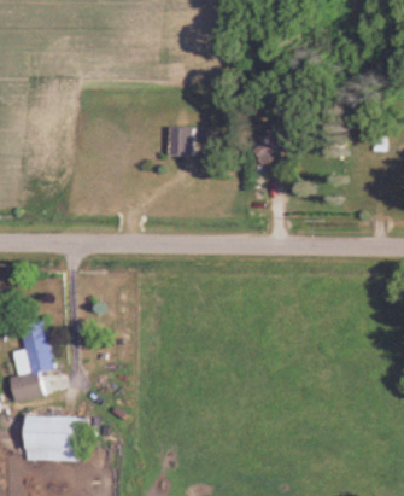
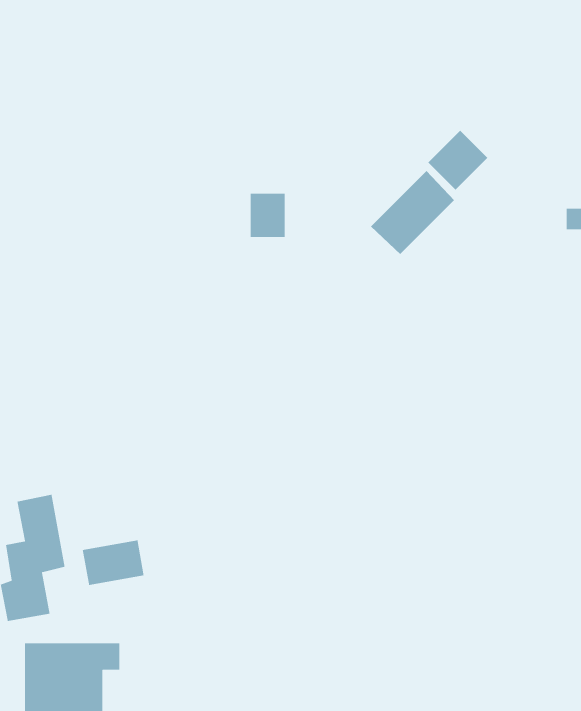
building: none -> [428,130,488,190]
building: none -> [82,539,145,586]

